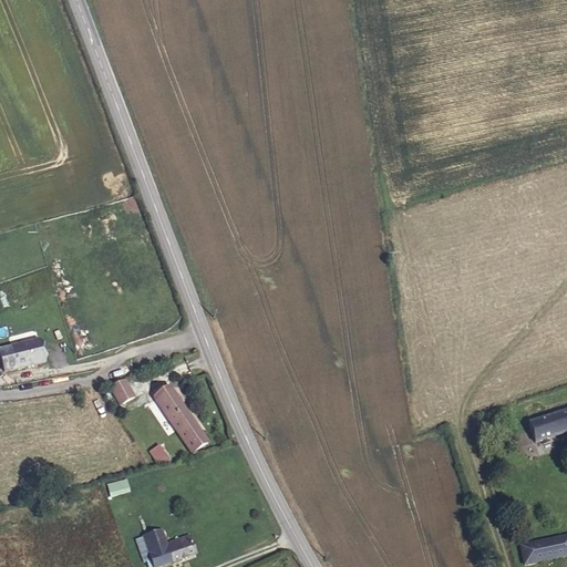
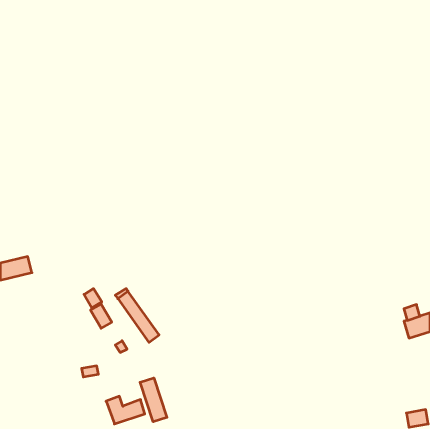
building: none -> [91,304,112,328]
building: none -> [140,378,167,422]

